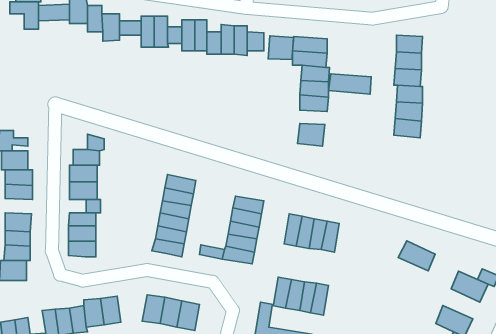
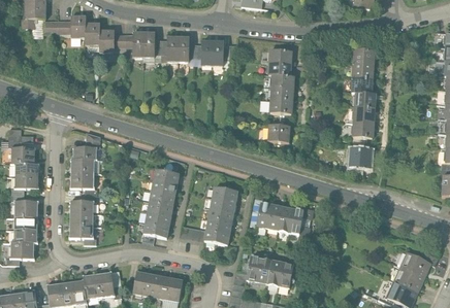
building: [268,36,294,59] -> none
building: [328,74,371,94] -> none
building: none -> [349,146,372,166]
building: [398,241,435,271] -> [392,266,424,292]

